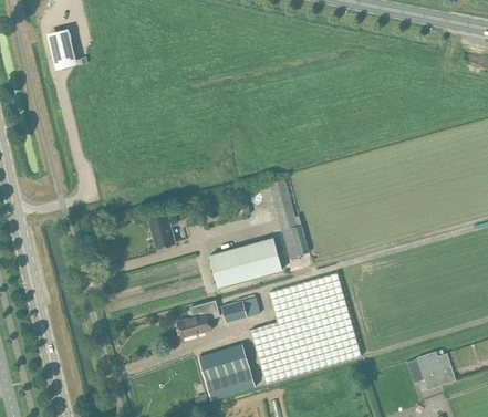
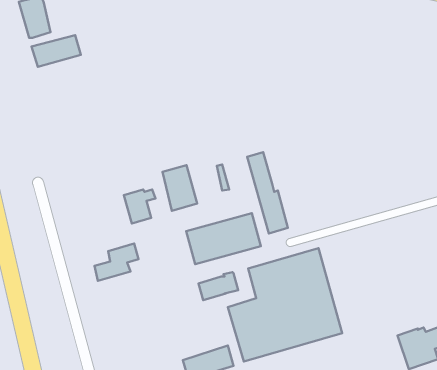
building: none -> [32,35,81,67]
building: none -> [162,165,197,211]
building: [176,300,219,336] -> [94,243,139,281]
building: [197,343,249,382] -> none

